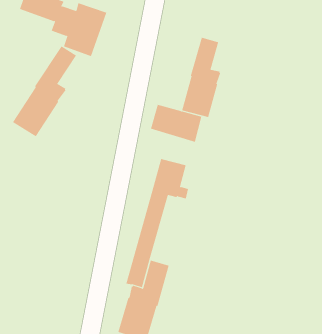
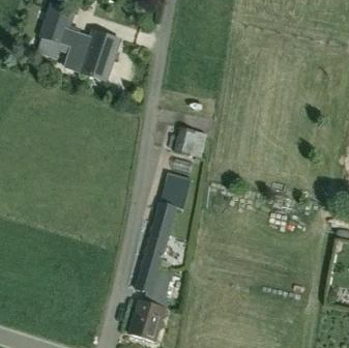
building: [181,37,221,118] -> none
building: [12,45,77,137] -> none

